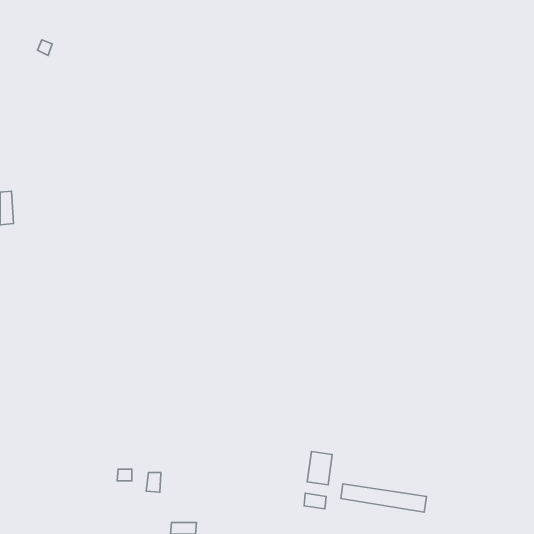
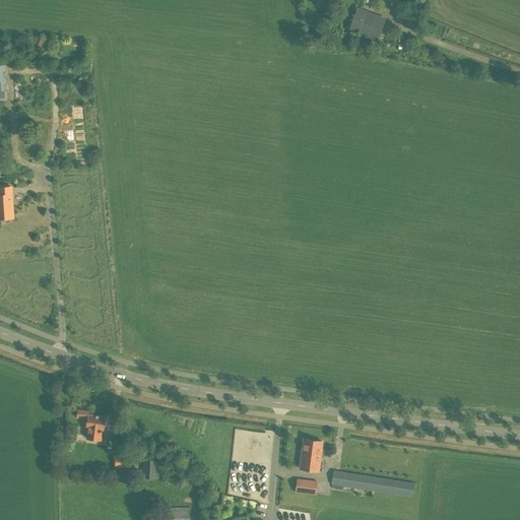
building: none -> [349,10,384,39]
building: none -> [76,409,105,440]

